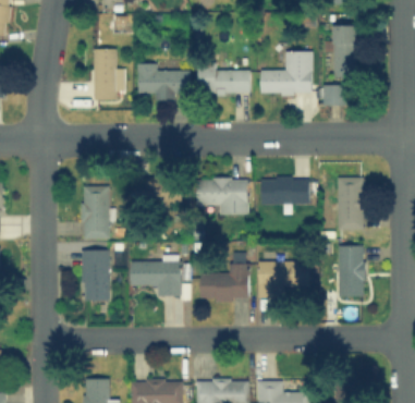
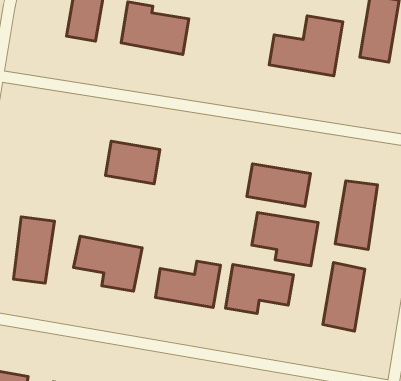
building: [198,69,251,94] -> none
building: [324,86,347,107] -> none
building: [198,179,248,215] -> [252,212,318,266]
building: [82,186,109,239] -> none

